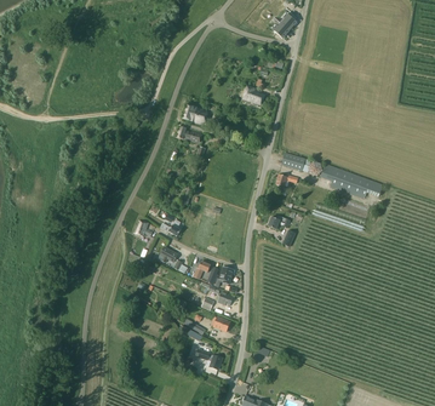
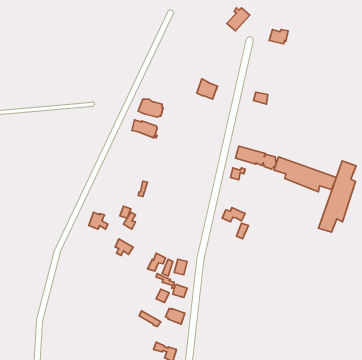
building: none -> [318,161,356,232]

